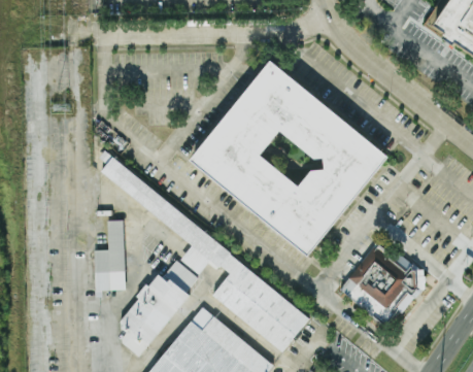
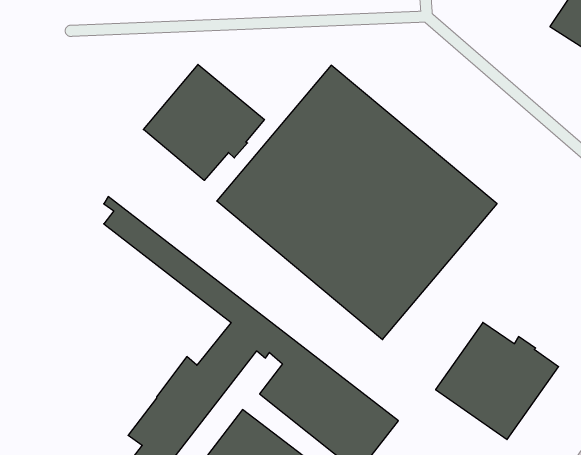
building: none -> [143,64,264,180]
building: [97,219,128,290] -> none

